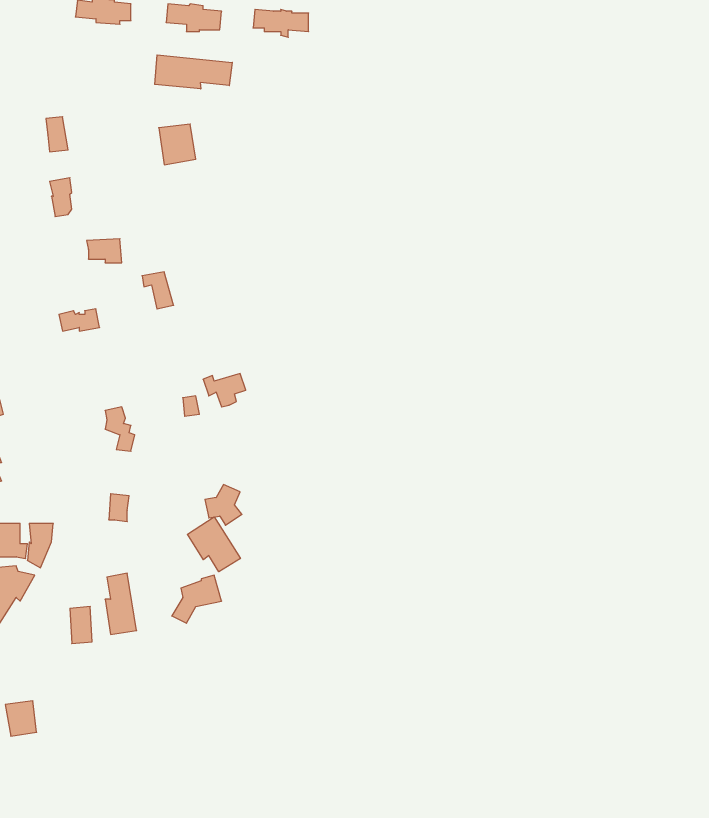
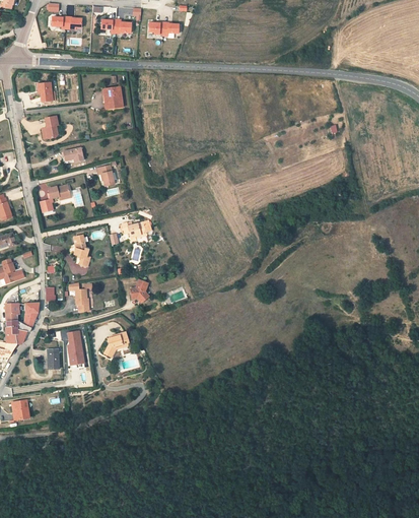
building: [155,55,232,89] -> none
building: [187,517,240,572] -> none

